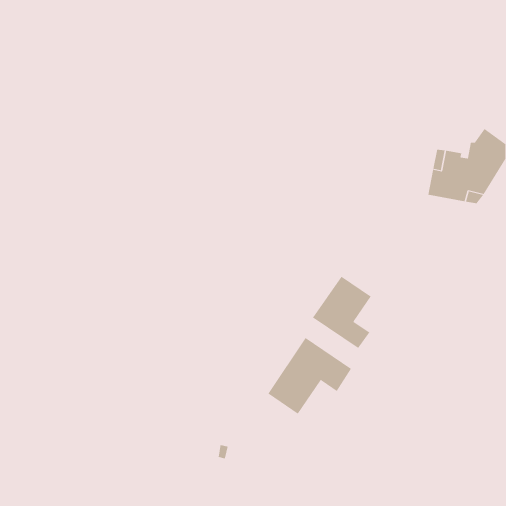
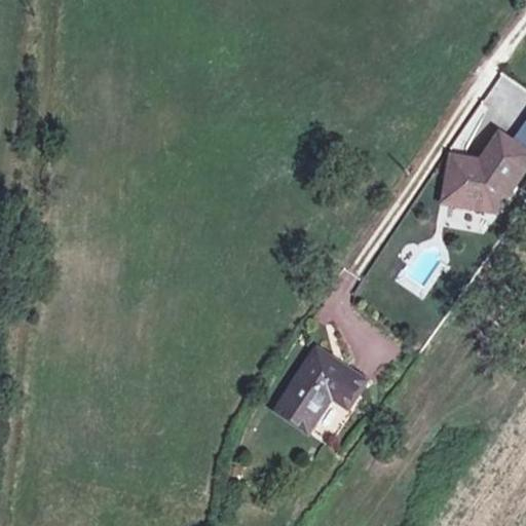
building: [312,276,372,349] -> none

